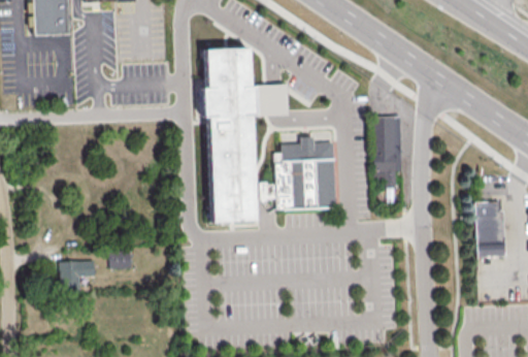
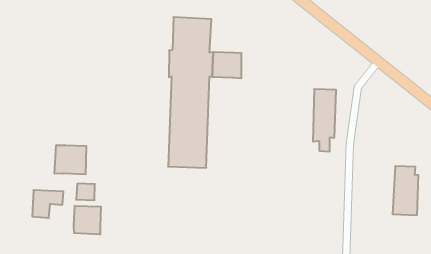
building: [264,136,340,213] -> none
building: none -> [54,145,86,174]
building: none -> [74,206,101,235]

